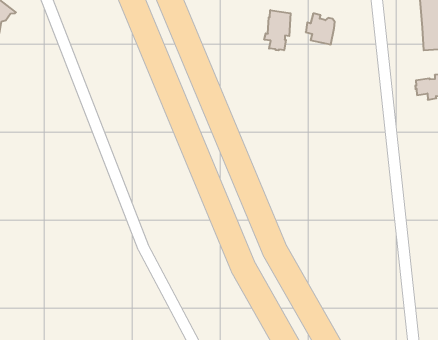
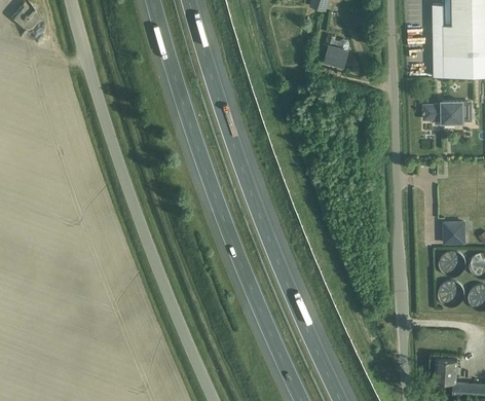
building: [264,10,291,50] -> none

